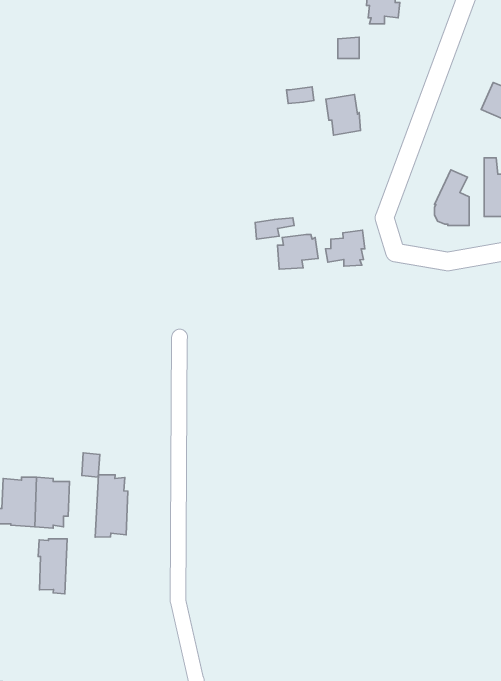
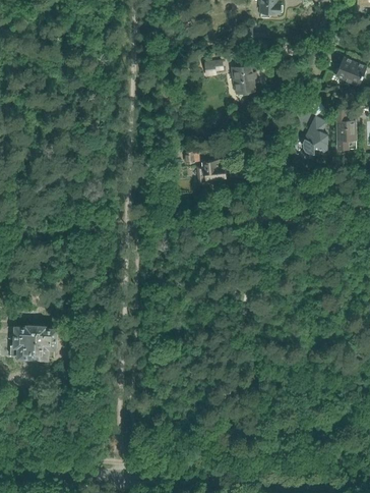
building: [326,230,365,266] -> none
building: [95,475,128,537] -> none
building: [38,539,67,594] -> none

